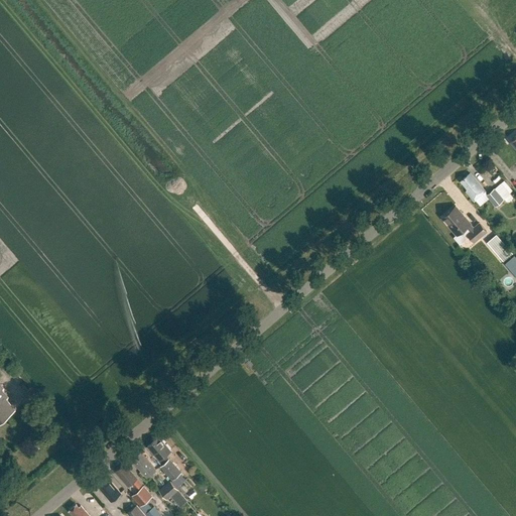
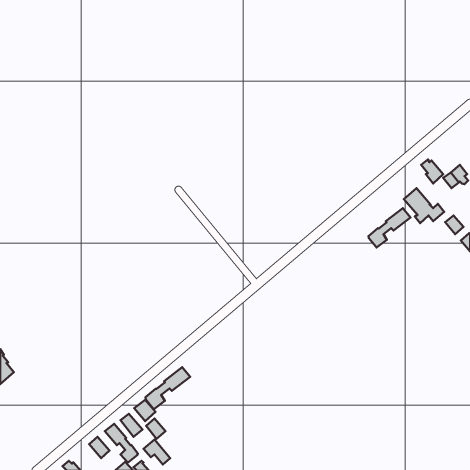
building: none -> [369,208,410,248]
building: none -> [145,367,190,409]

